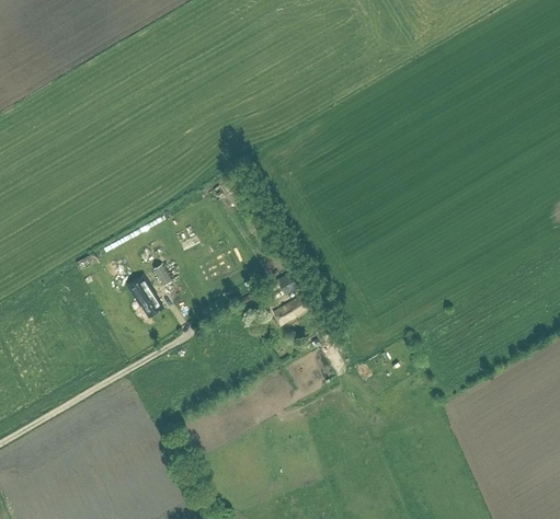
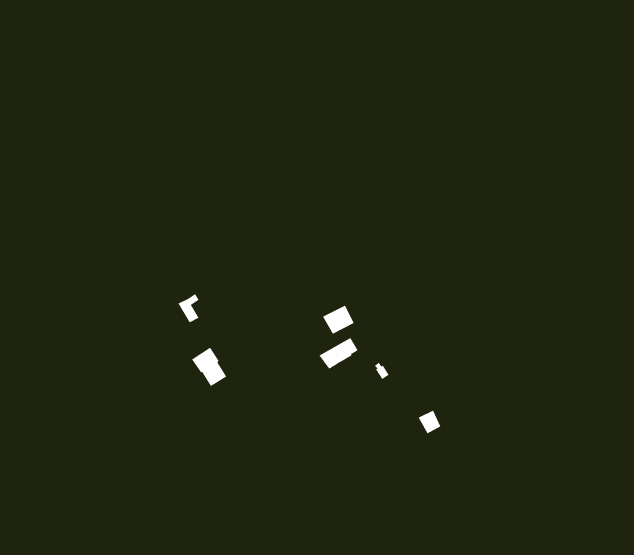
building: [130,282,161,316] -> [191,347,227,387]

